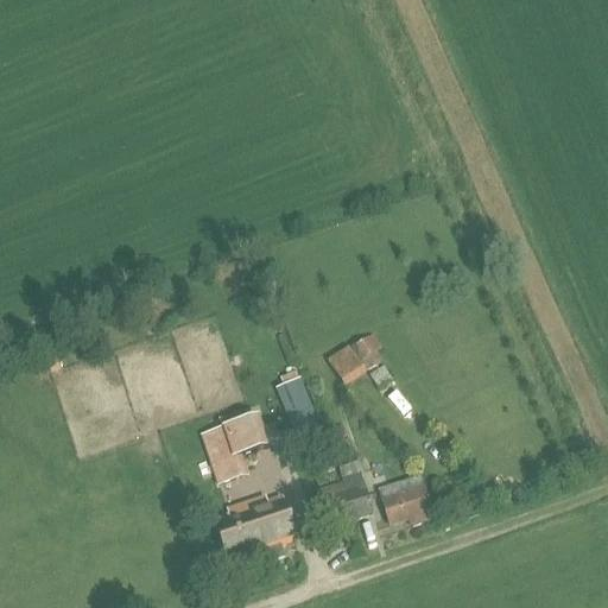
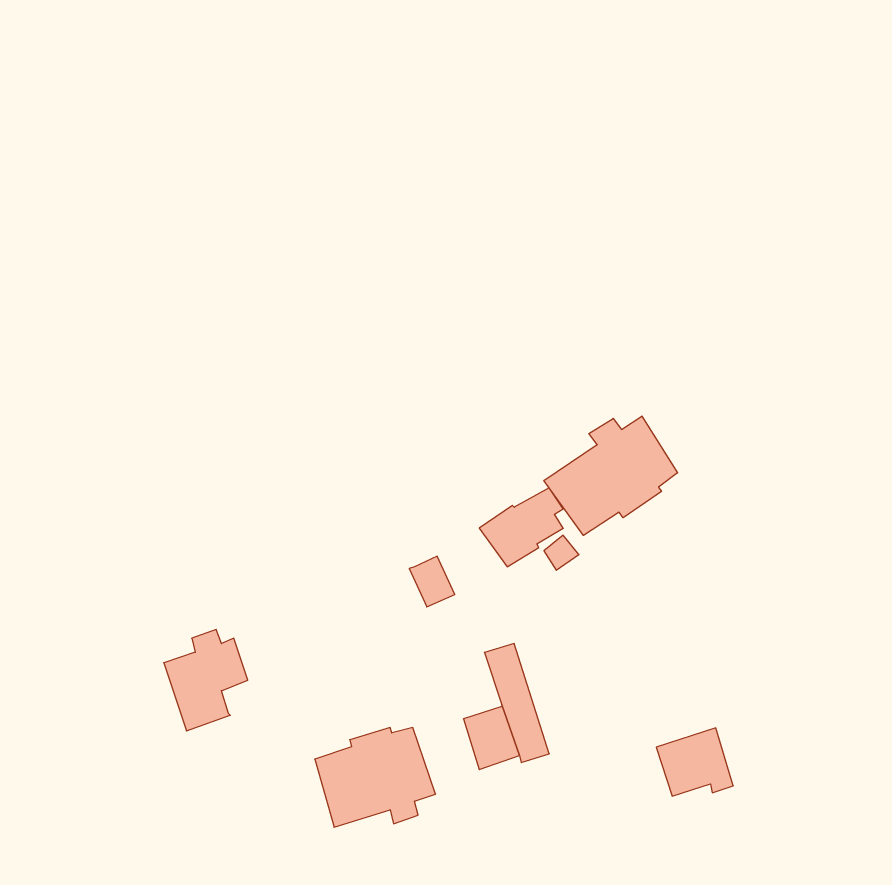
building: none -> [544,416,678,535]
building: [203,412,260,481] -> [164,630,248,731]
building: [380,476,432,522] -> [656,728,733,796]

